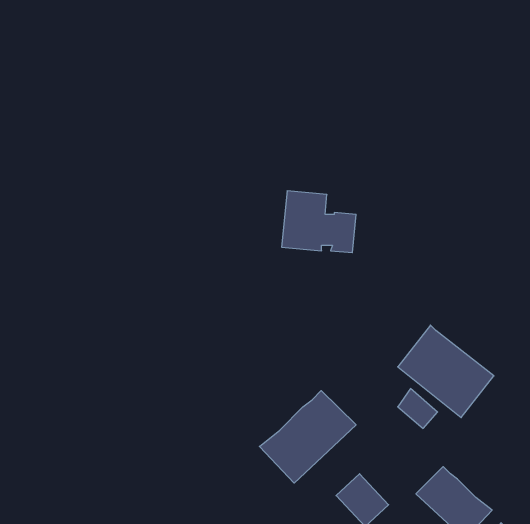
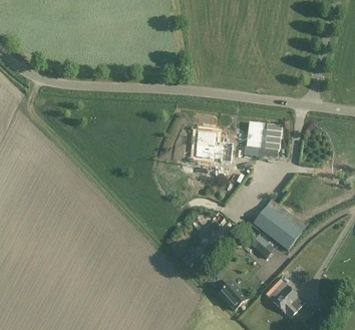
building: none -> [247,123,282,158]
building: [259,391,356,483] -> none

